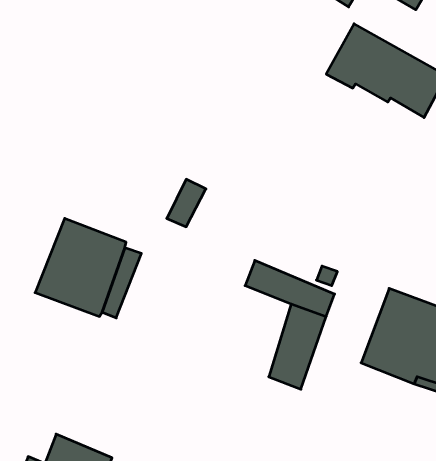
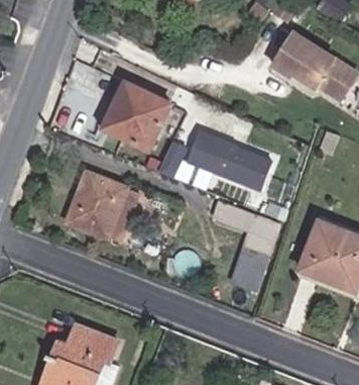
building: none -> [102,83,170,151]
building: none -> [187,130,271,190]

